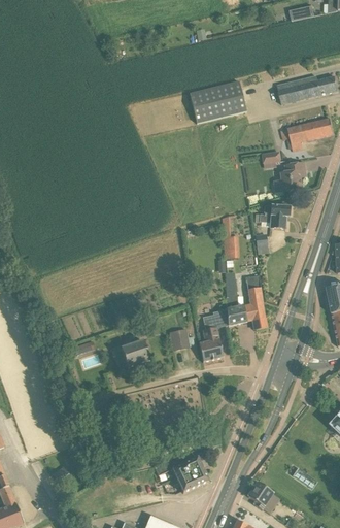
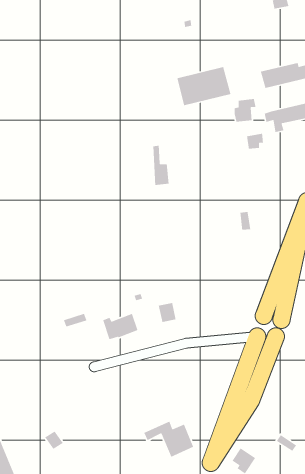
building: [282,163,306,189] -> [234,98,256,123]
building: [256,205,290,229] -> none
building: [223,216,240,259] -> [153,145,169,186]
building: [226,271,267,330] -> none
building: [199,315,224,362] -> none

